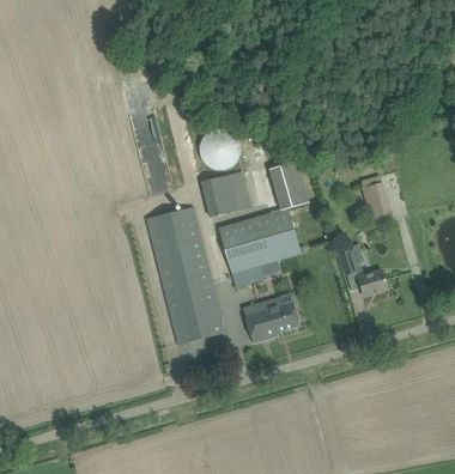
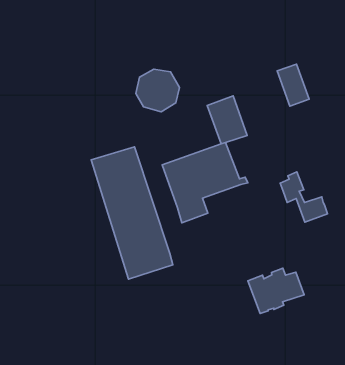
building: [201,171,250,217] -> none
building: [360,182,392,225] -> [277,64,309,106]
building: [242,297,299,342] -> [248,268,304,314]

